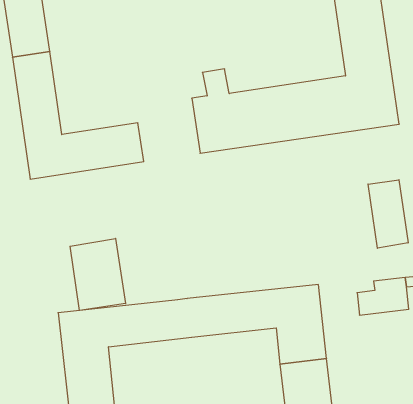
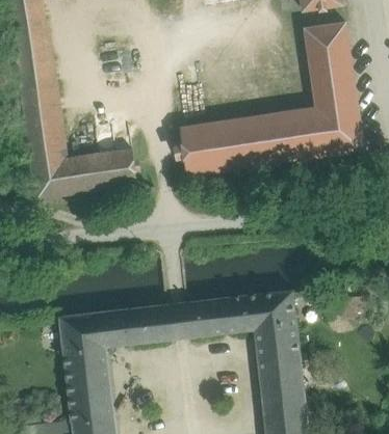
building: [368,180,408,248] -> none
building: [70,238,126,310] -> none

